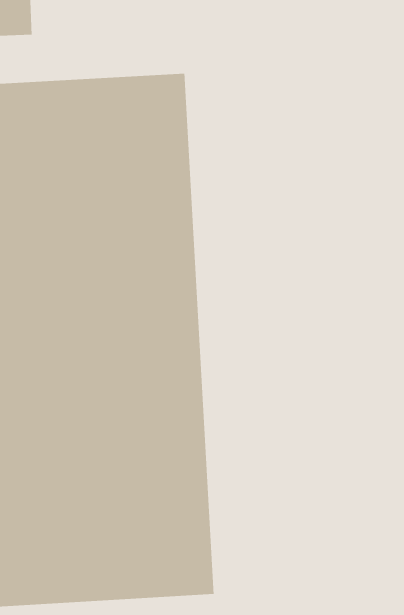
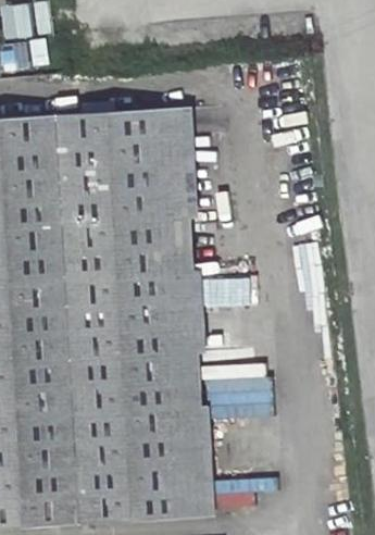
building: none -> [167,108,216,517]

